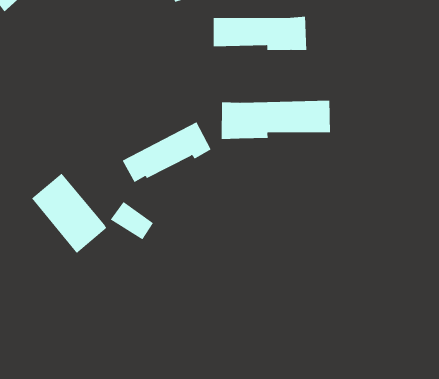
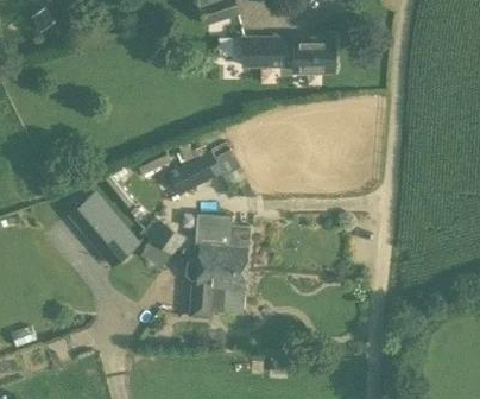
building: [221,100,331,140] -> none
building: none -> [185,214,250,318]

